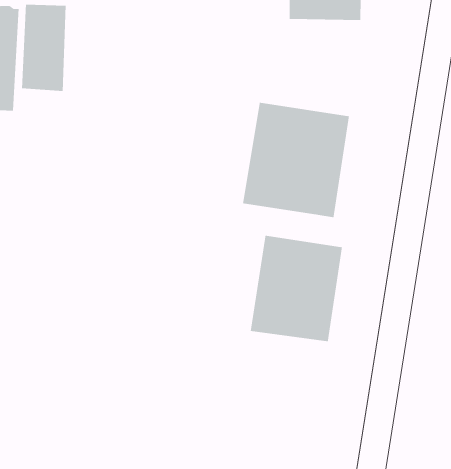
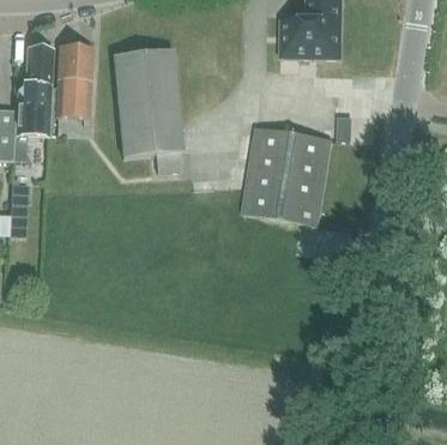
building: none -> [113,48,182,170]
building: [250,235,343,342] -> none

